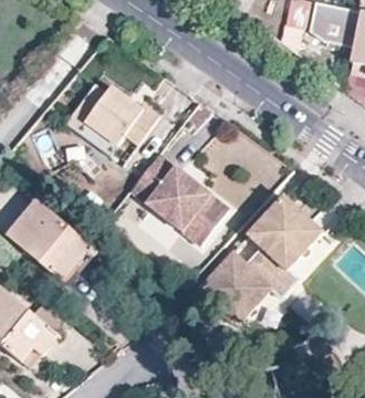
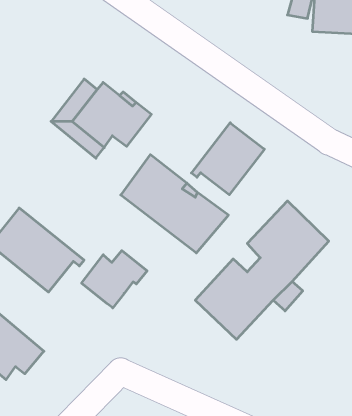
building: none -> [191,123,264,195]
building: none -> [82,251,147,308]

